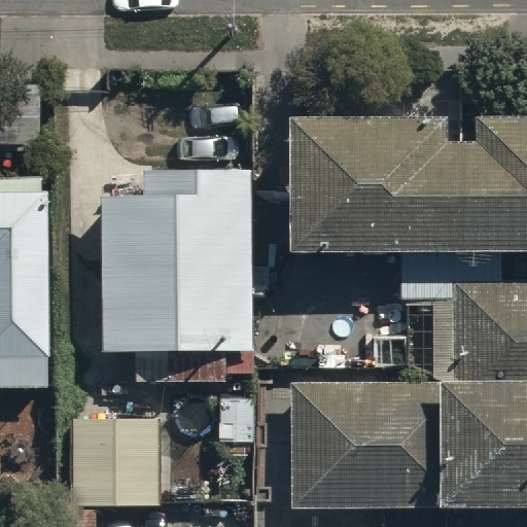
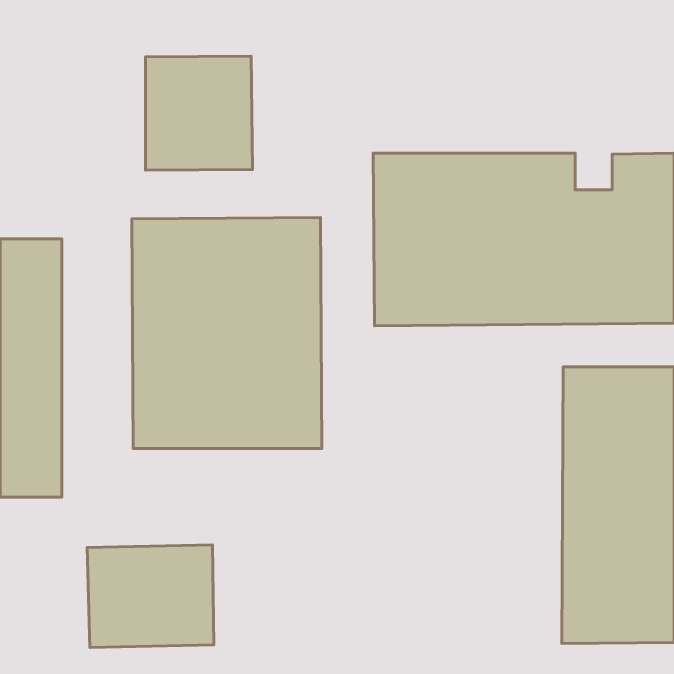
building: none -> [145,56,253,170]
building: [294,381,438,502] -> none

